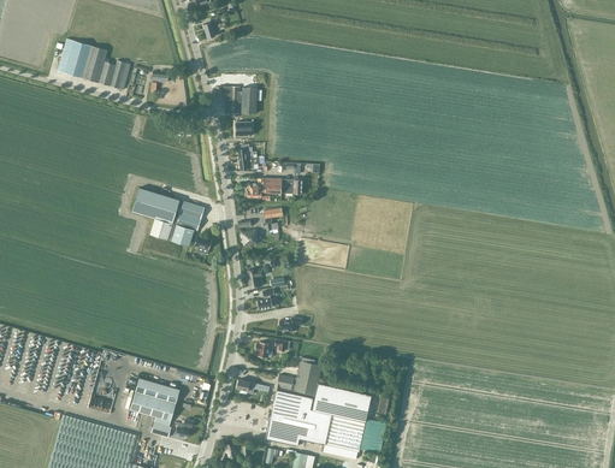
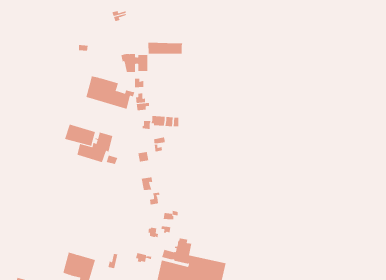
building: [58,40,131,89] -> [85,76,135,109]
building: none -> [148,42,183,54]

